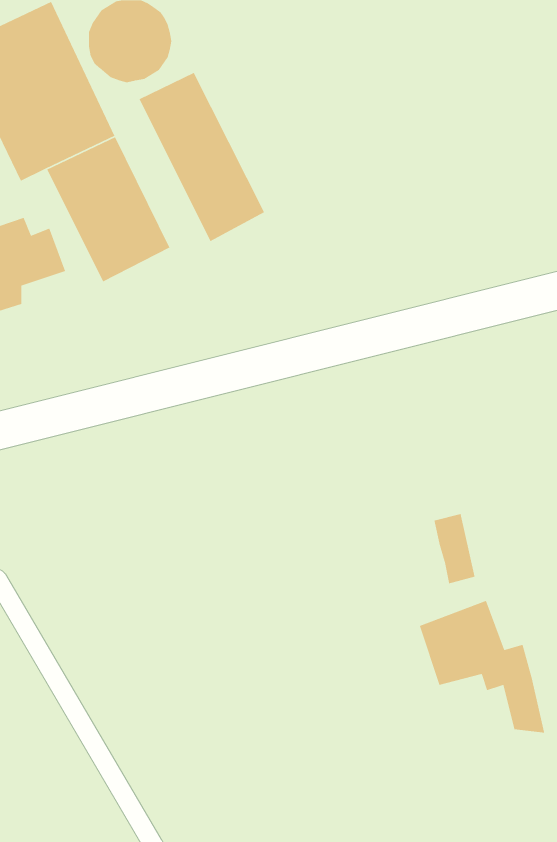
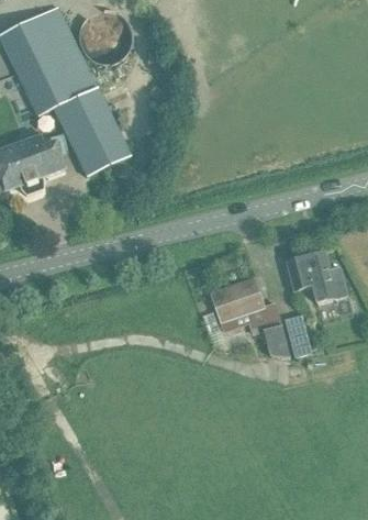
building: [138,72,265,242] -> none
building: none -> [290,252,349,302]
building: [419,600,545,733] -> [214,276,290,356]

